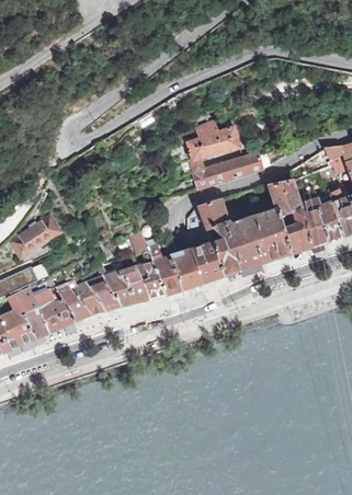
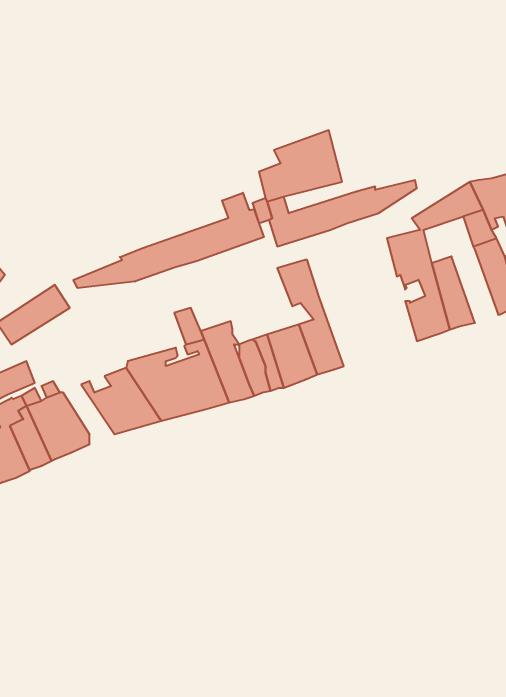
building: none -> [73,193,264,288]
building: [310,193,343,242] -> none
building: [225,210,289,270] -> none
building: [56,283,90,322] -> none

